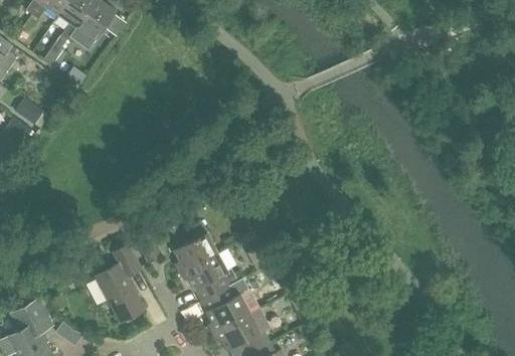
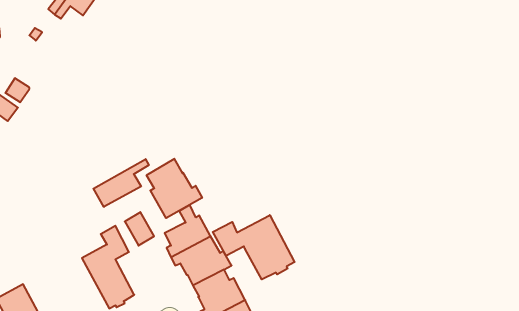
building: none -> [147,159,202,218]
building: none -> [93,159,149,207]
building: none -> [213,215,295,279]

